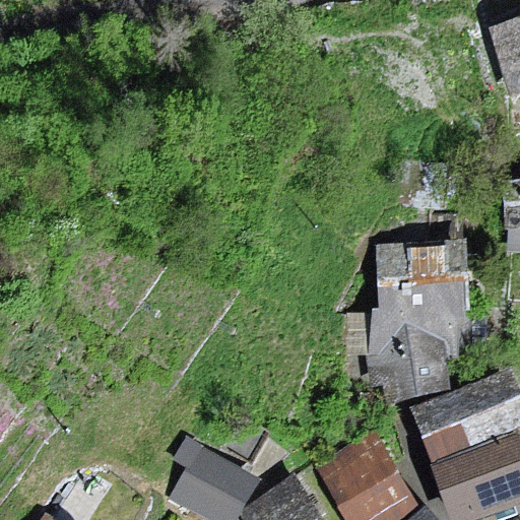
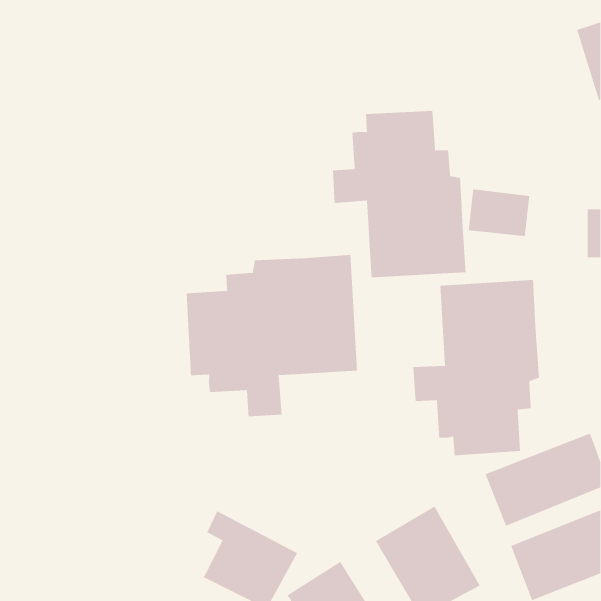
building: none -> [332,110,466,278]
building: none -> [186,254,358,417]

